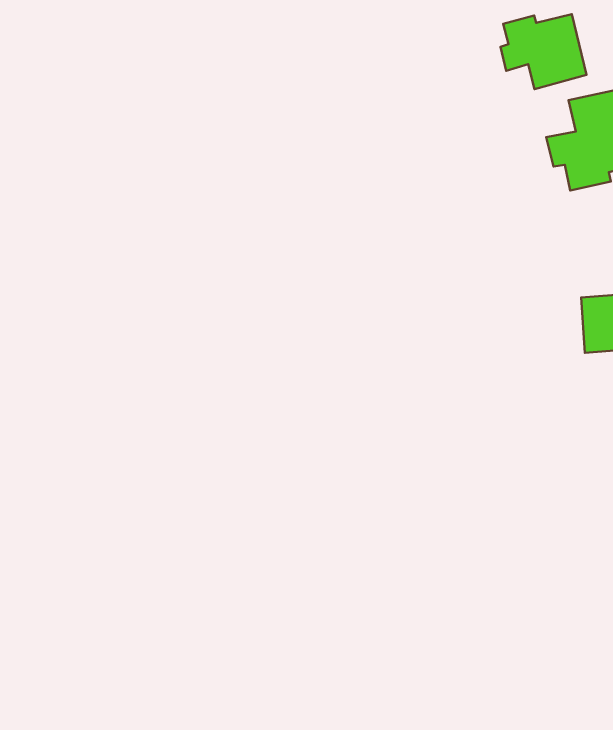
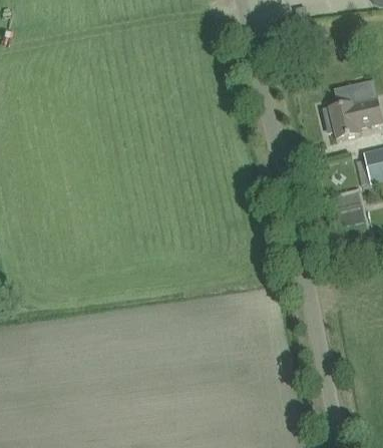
building: [500,14,587,89] -> none

